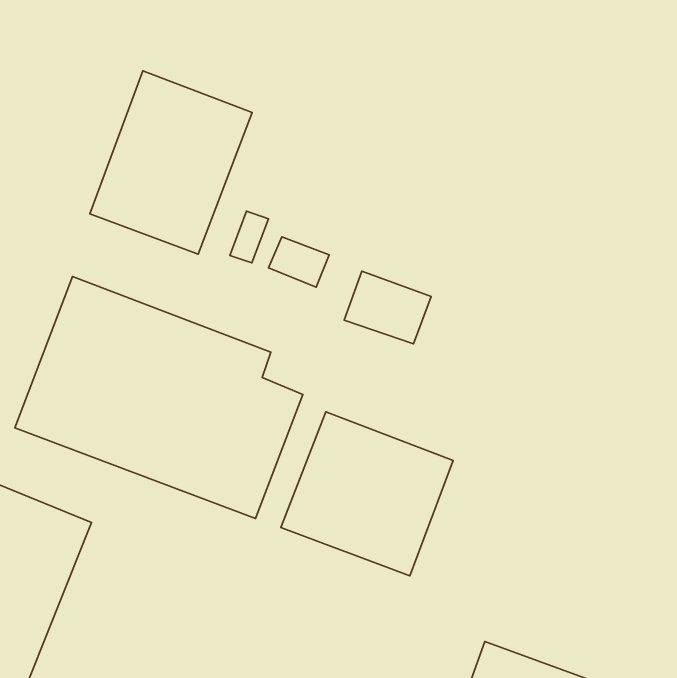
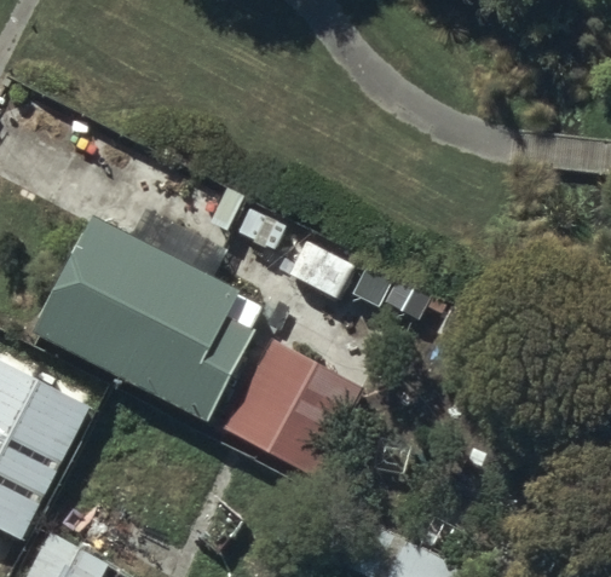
building: [90,71,252,254] -> none

